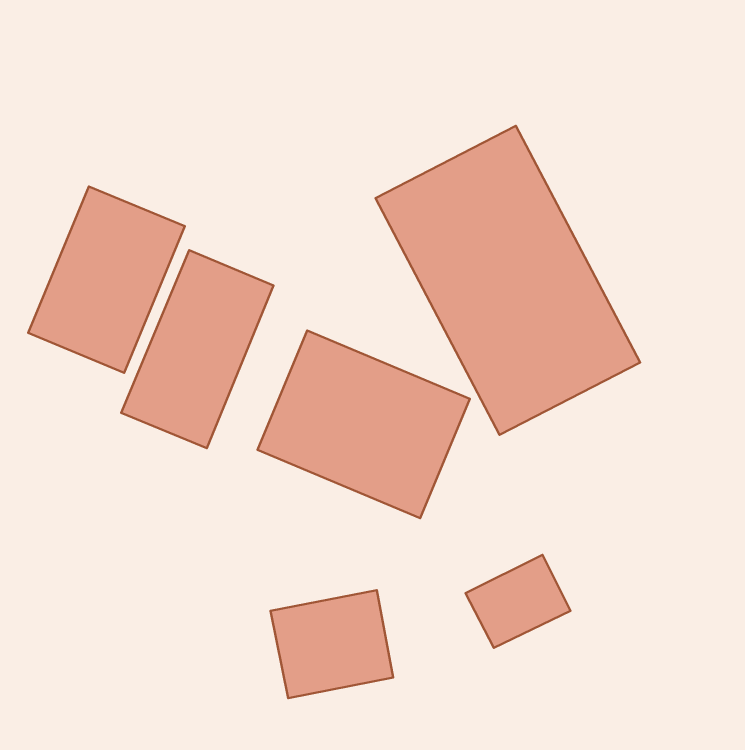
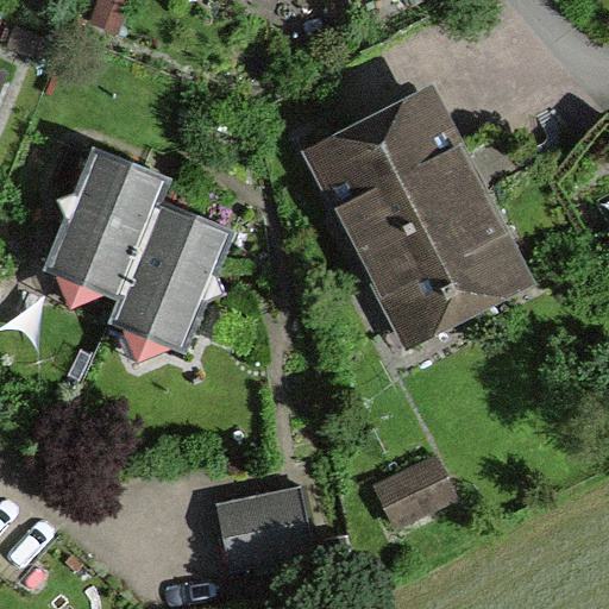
building: [257,331,470,518] -> none

